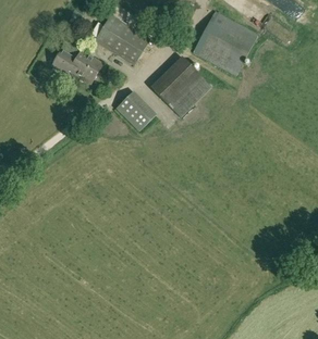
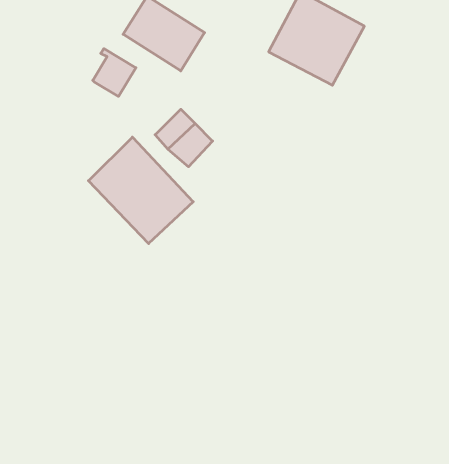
building: [51,49,83,77] -> none
building: [150,55,211,116] -> none
building: none -> [88,137,193,244]

